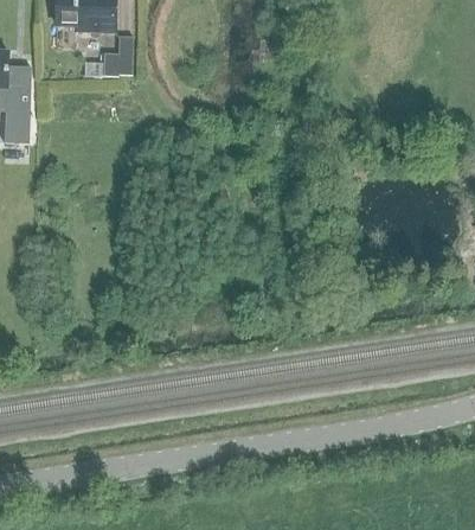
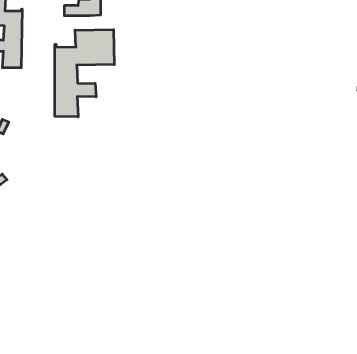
building: none -> [55,30,114,117]

